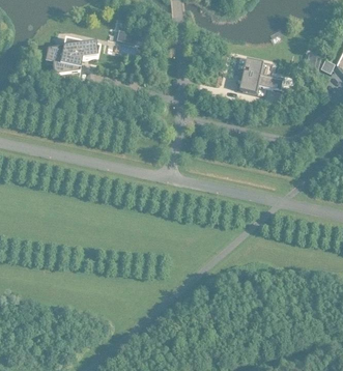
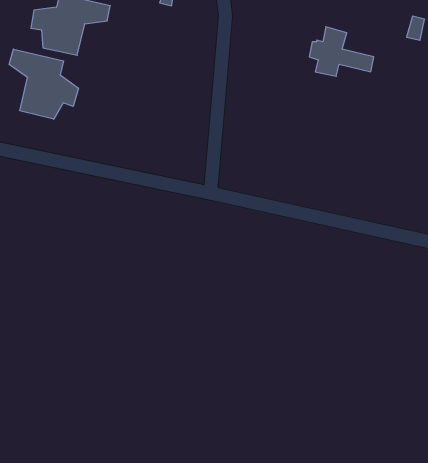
building: none -> [9,49,79,119]

